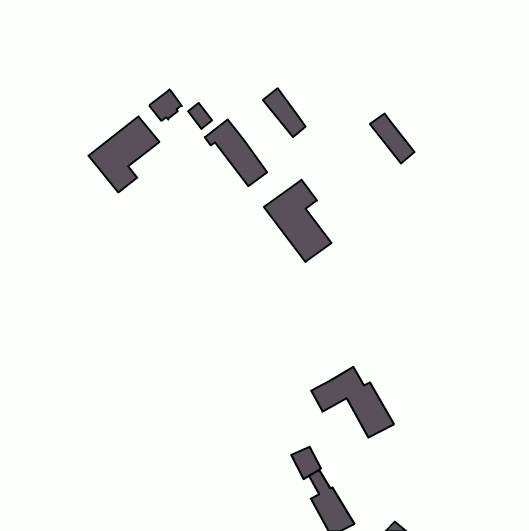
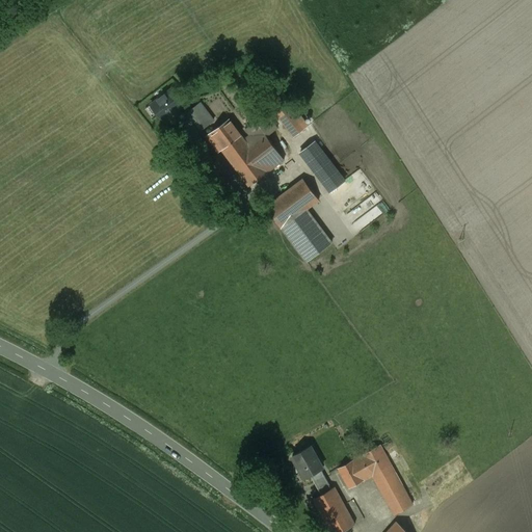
building: none -> [243,112,283,172]
building: [370,114,415,163] -> [298,142,343,192]
building: [88,116,159,192] -> none
building: [311,367,394,438] -> [336,445,419,515]

